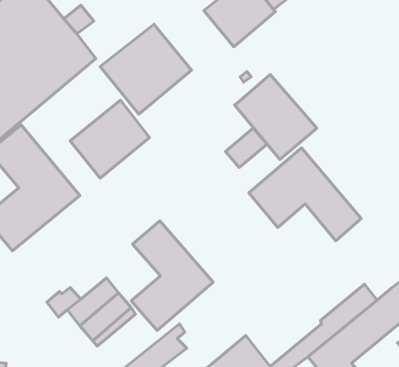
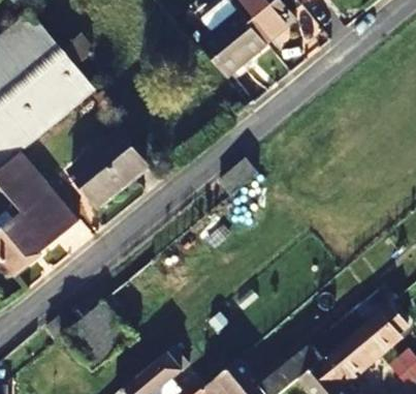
building: [100,24,192,114] -> none
building: [235,74,317,159] -> none
building: [249,148,361,241] -> none
building: [131,221,213,330] -> none

